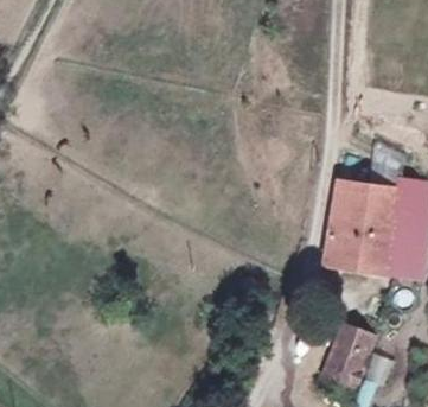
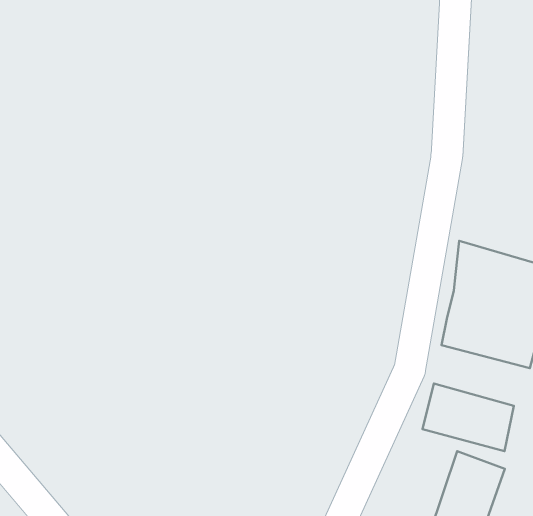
building: none -> [422,383,514,451]

